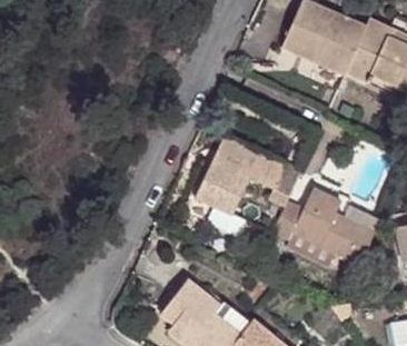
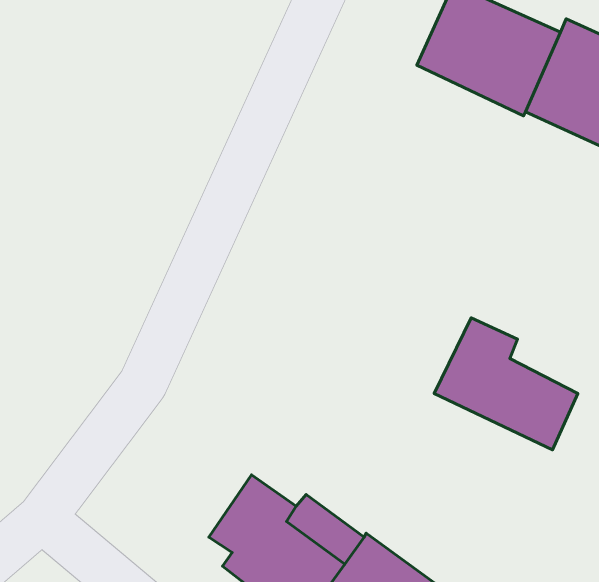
building: [191,138,299,219] -> none

